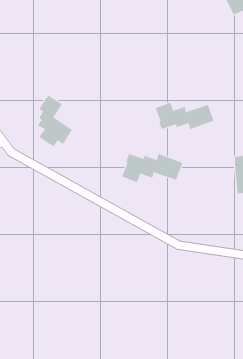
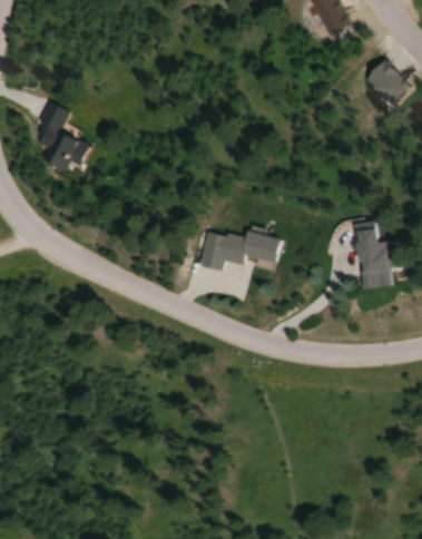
building: [37,95,73,147] -> [37,101,86,171]
building: [155,102,214,130] -> none

